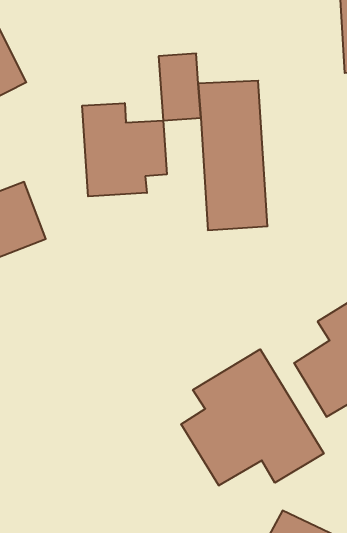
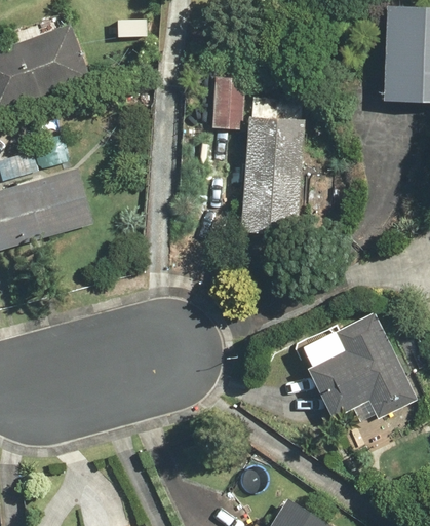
building: [82,103,167,196] -> none
building: [181,349,324,486] -> none

